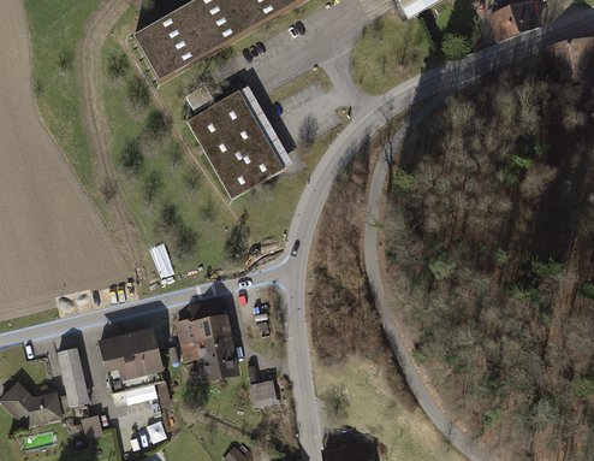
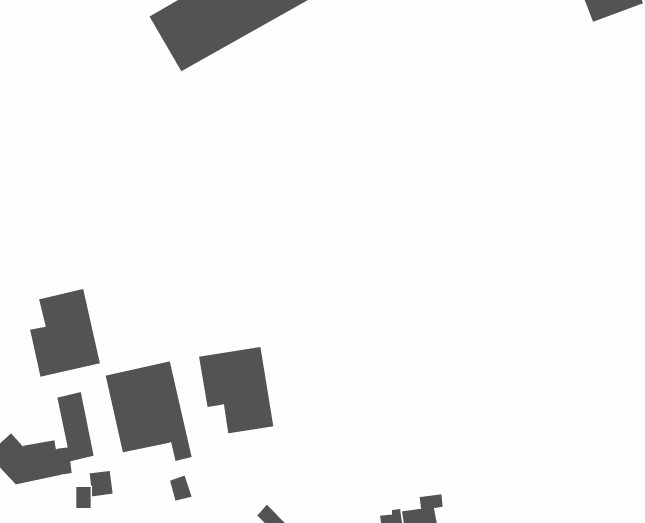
building: [185,87,281,195] -> none
building: none -> [30,288,101,377]
building: [250,376,278,403] -> none

